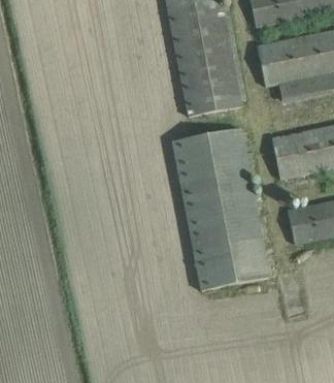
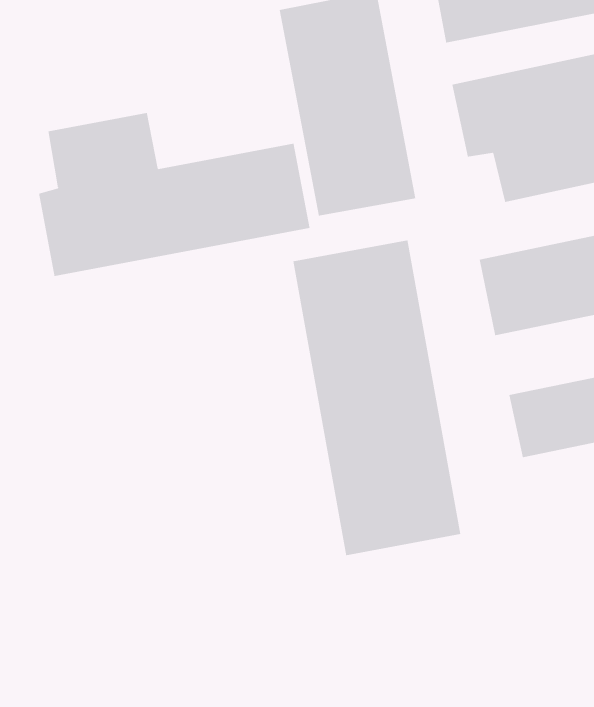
building: none -> [38,112,310,277]

